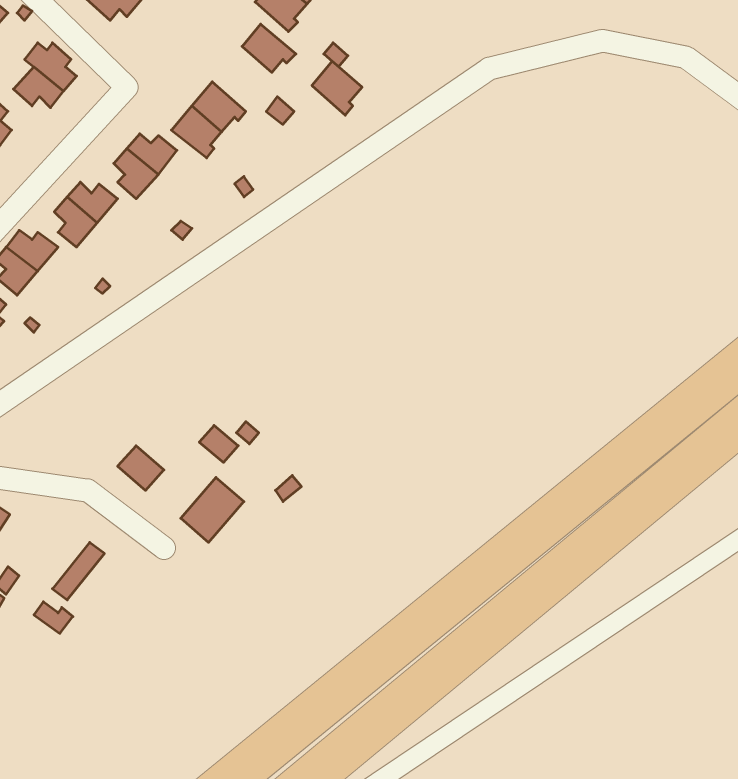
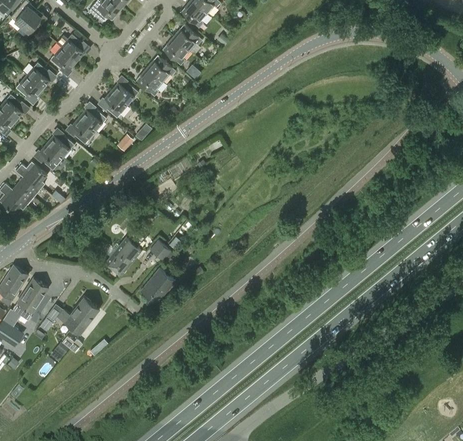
building: [312,61,362,115] -> [162,36,189,65]
building: none -> [116,237,143,264]
building: none -> [57,297,91,328]

